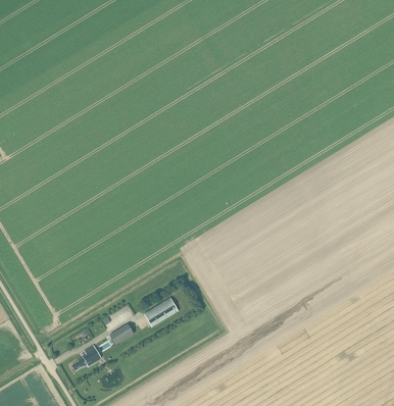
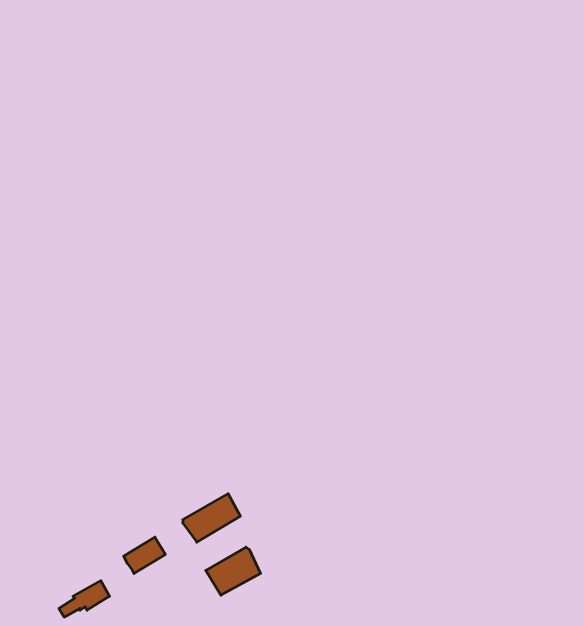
building: none -> [206,547,261,595]

